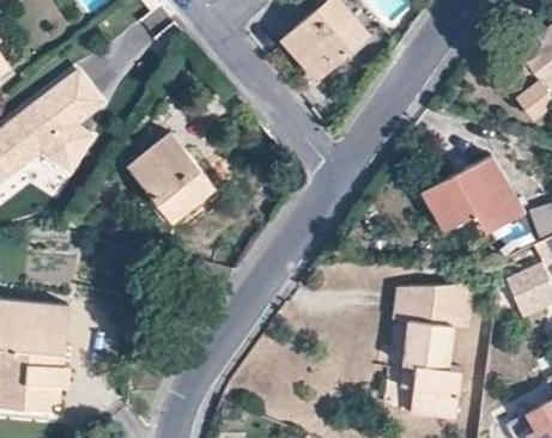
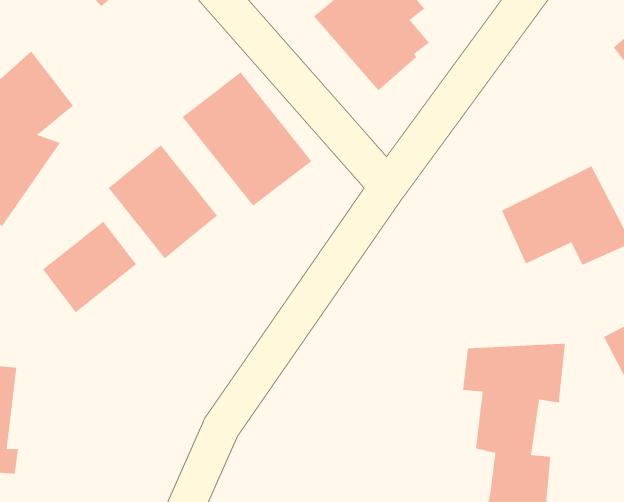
building: none -> [182,72,312,207]
building: none -> [42,221,137,313]

